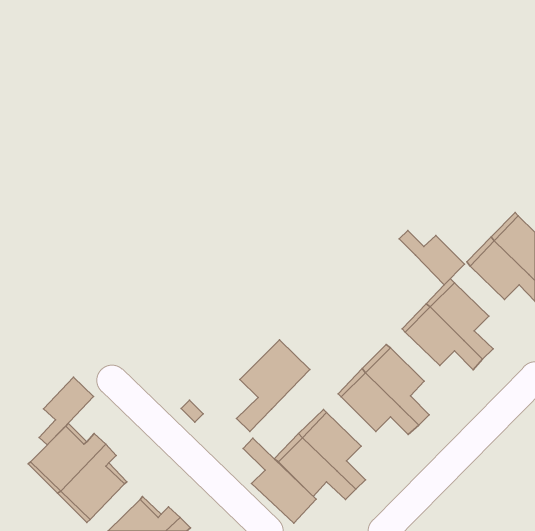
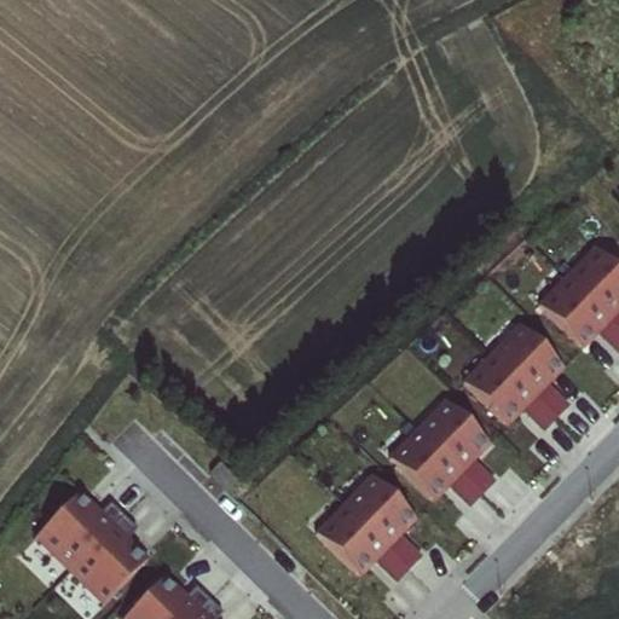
building: [399,230,465,285] -> none
building: [237,340,310,431] -> none
building: [39,377,93,445] -> none
building: [243,438,316,523] -> none

